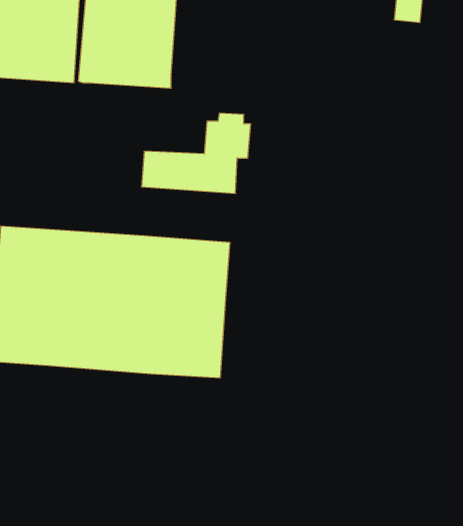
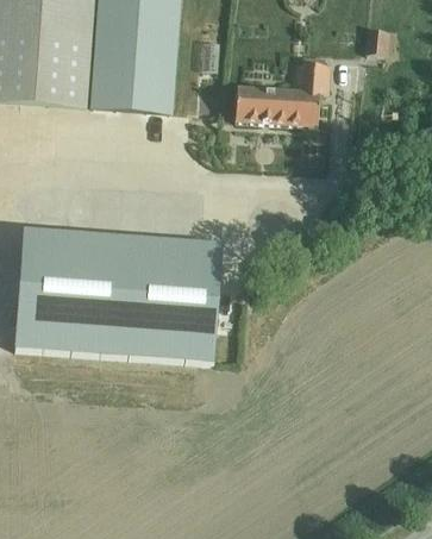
building: [141,113,251,194] -> [234,56,330,126]

